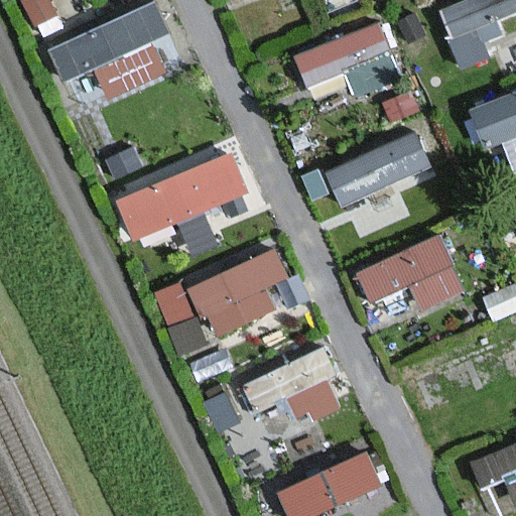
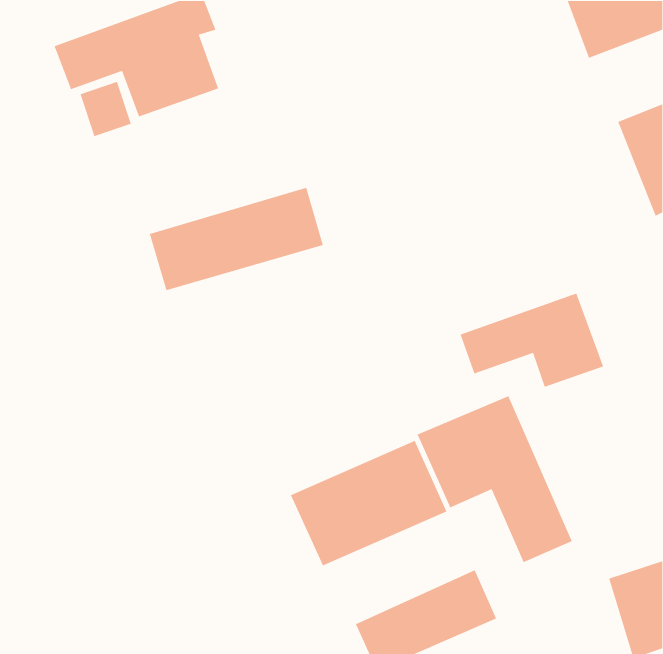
building: [293,20,403,93] -> none
building: [327,130,433,208] -> none
building: [159,261,277,341] -> none
building: none -> [417,395,573,563]

